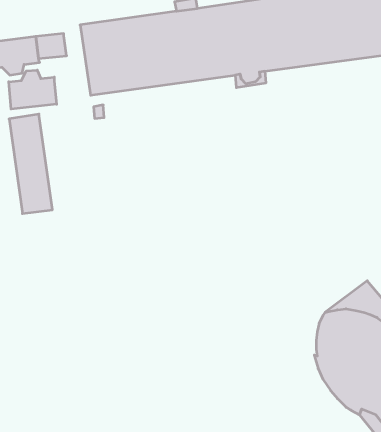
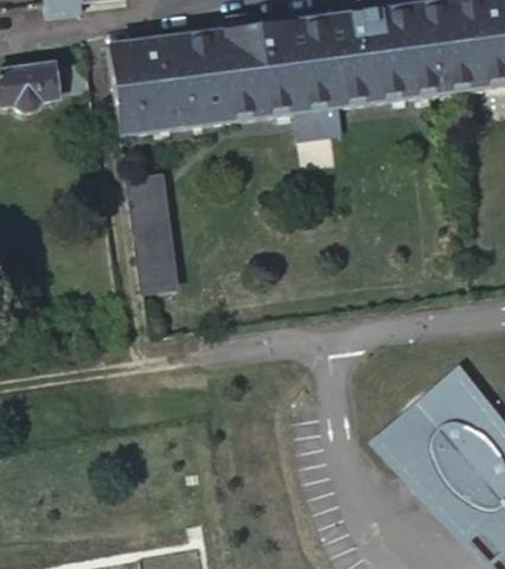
building: [9,70,57,109] -> none
building: [9,114,52,214] -> [128,170,181,292]
building: none -> [367,403,416,499]

